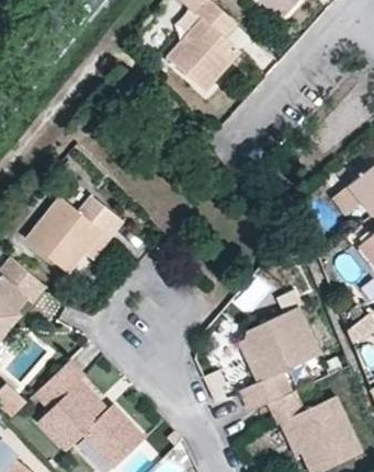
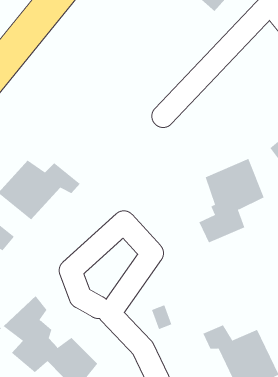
building: [163,12,240,87] -> none
building: [237,310,316,412] -> [199,158,264,243]

